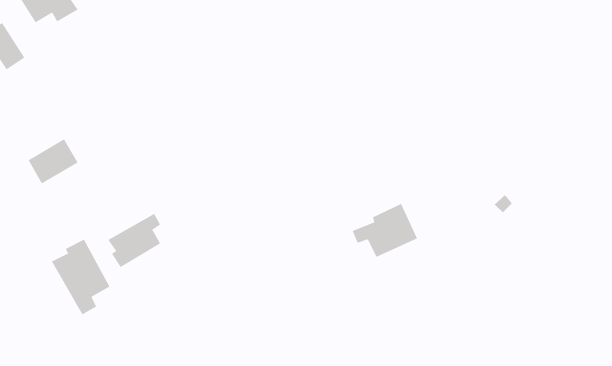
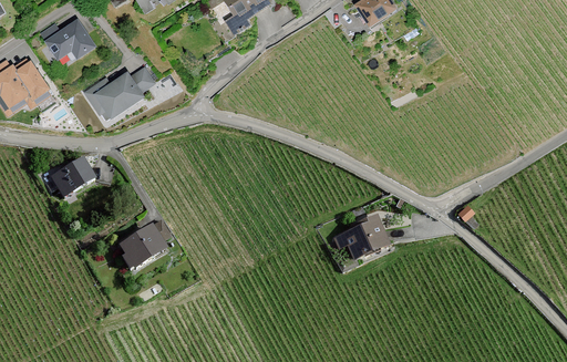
building: none -> [82,68,153,118]
building: [51,239,110,315] -> none

